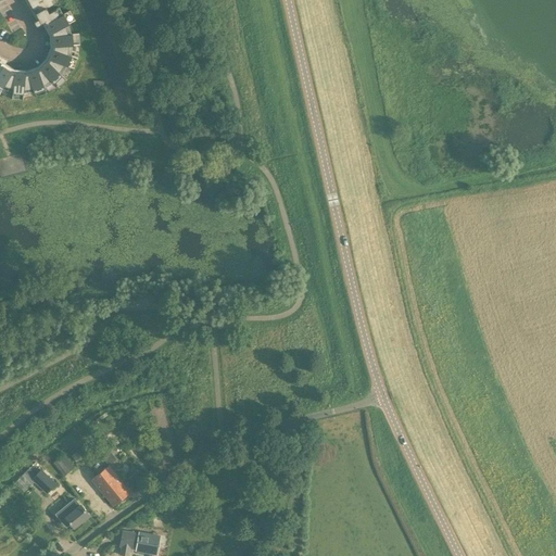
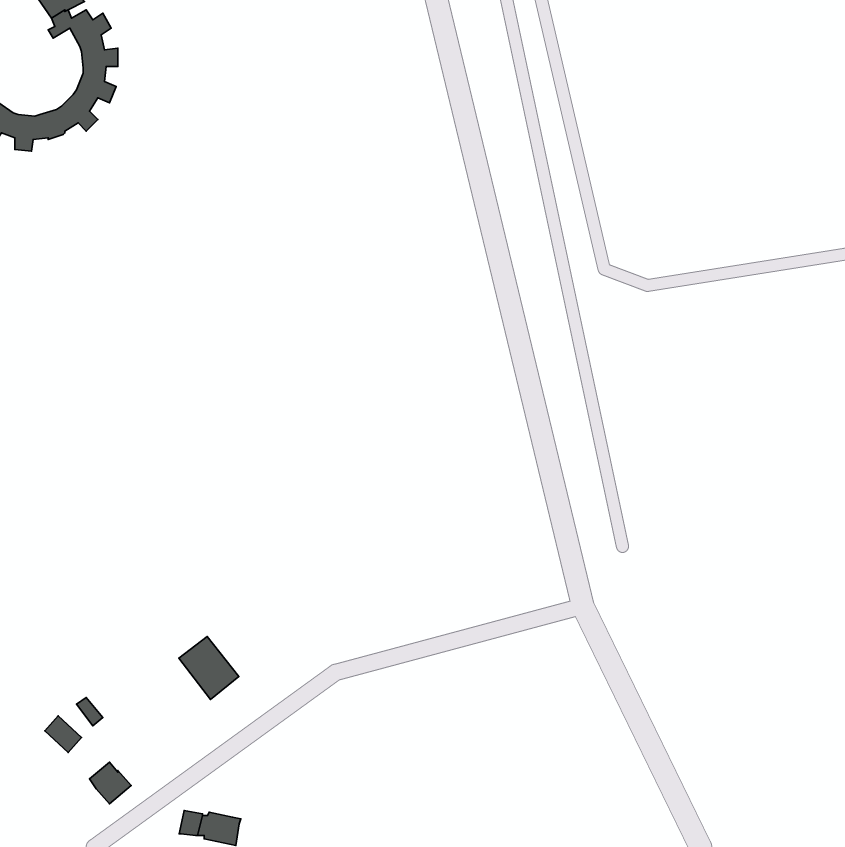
building: [89,464,128,505] -> [179,637,239,700]

